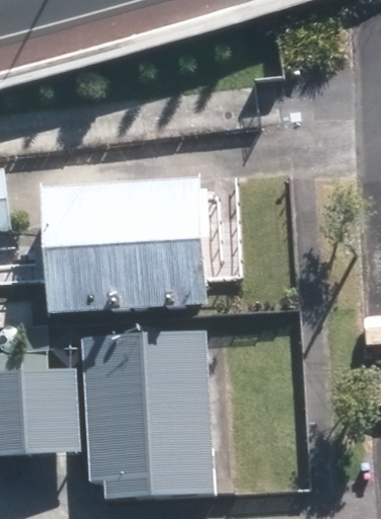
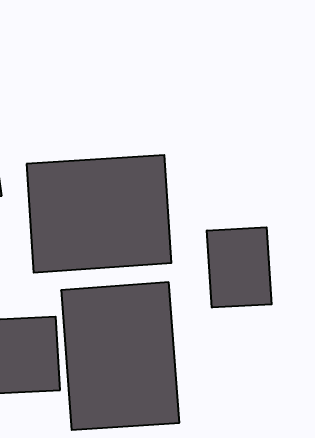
building: none -> [207,227,272,308]

